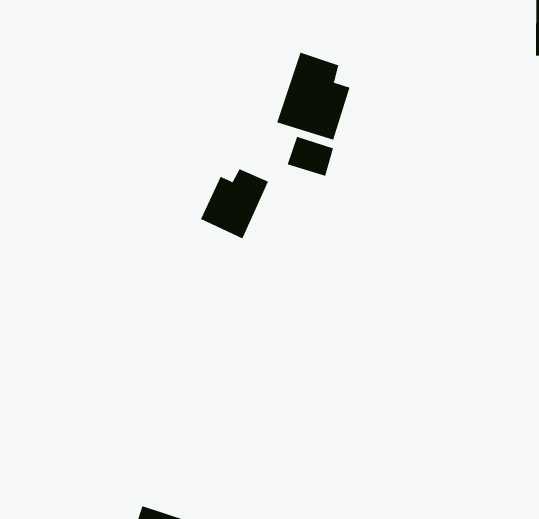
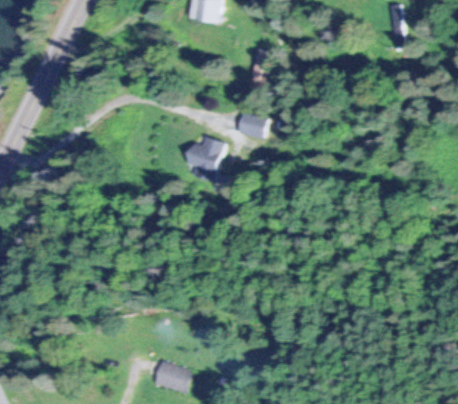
building: [277,52,350,141] -> none

